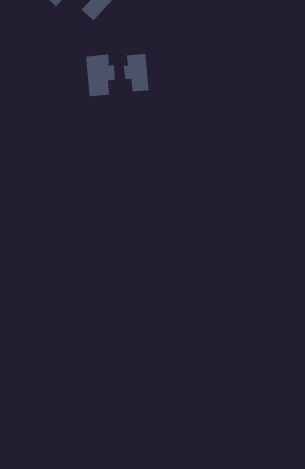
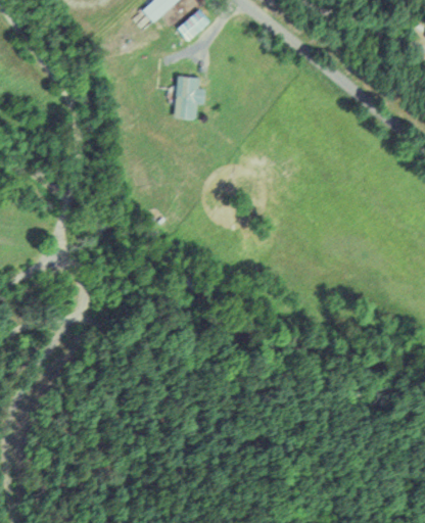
building: [123,53,150,92] -> none

